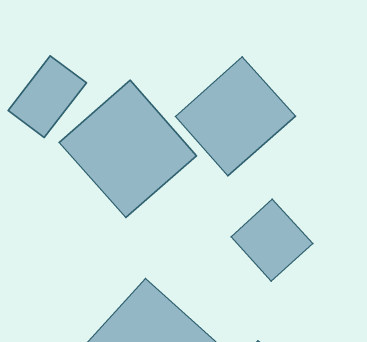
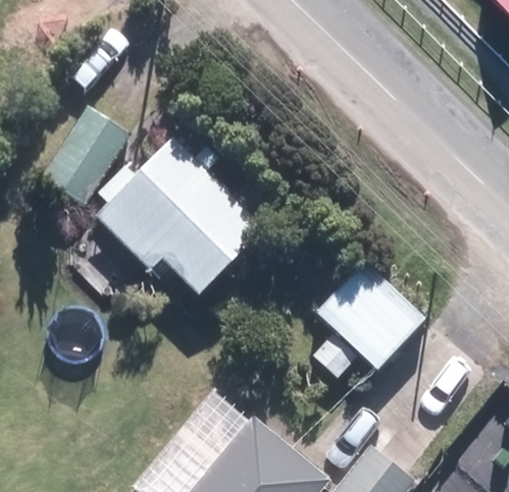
building: [175,57,295,176] -> none

